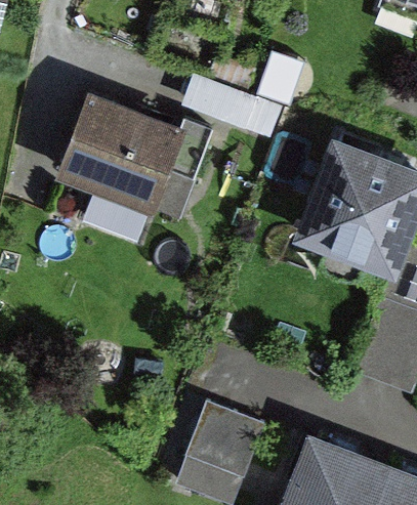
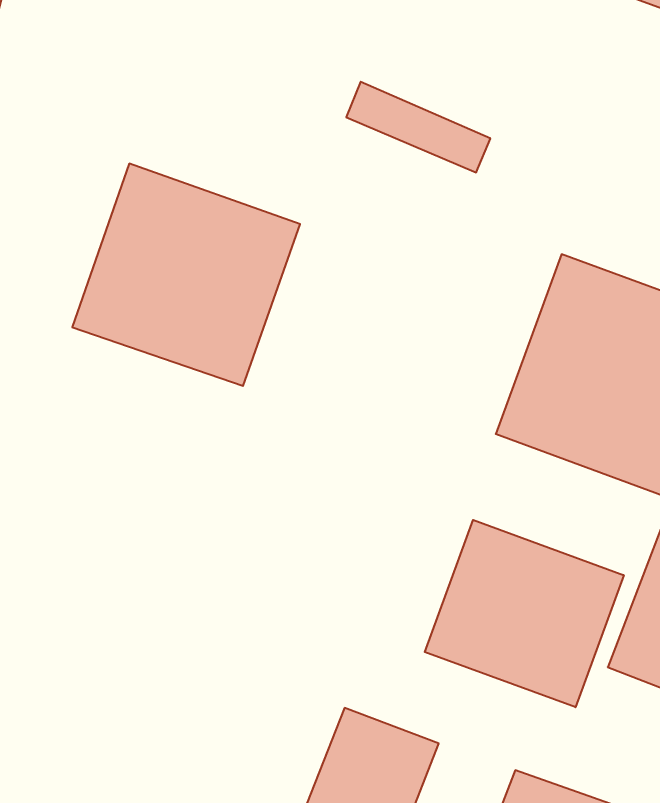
building: none -> [425,520,624,707]

